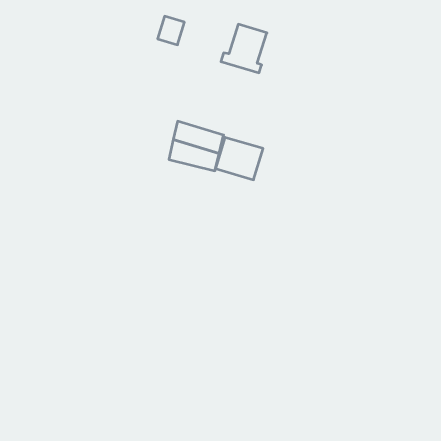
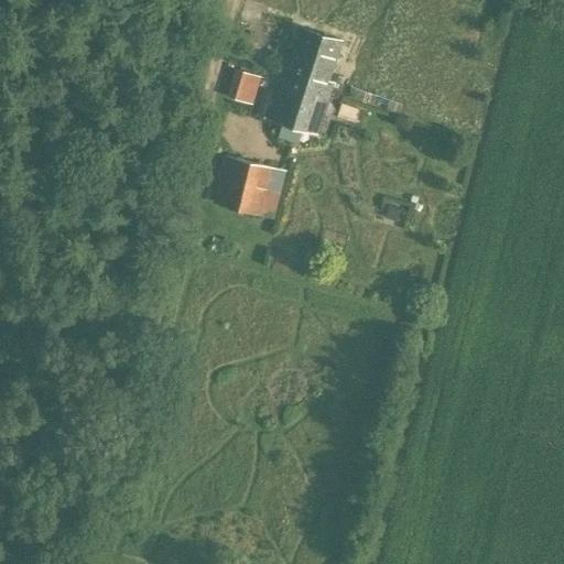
building: [158,16,184,45] -> [229,69,263,106]
building: [215,137,263,180] -> [271,80,332,134]

